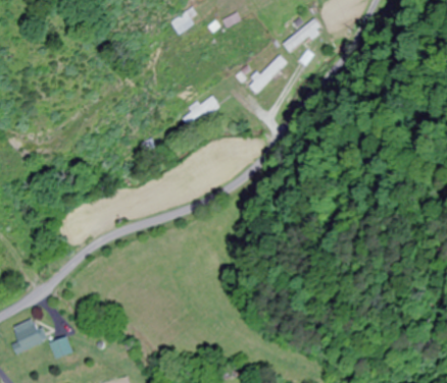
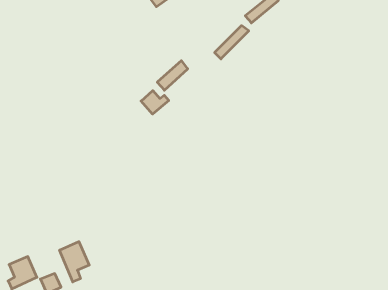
building: none -> [141,91,169,114]
building: none -> [60,242,89,282]

